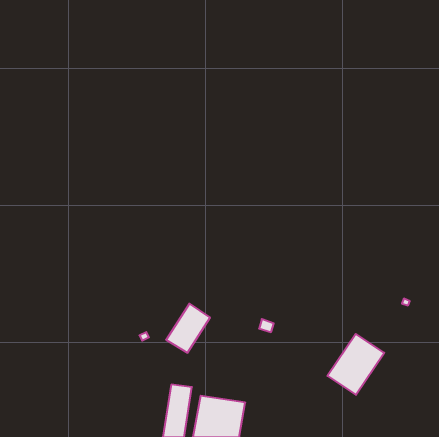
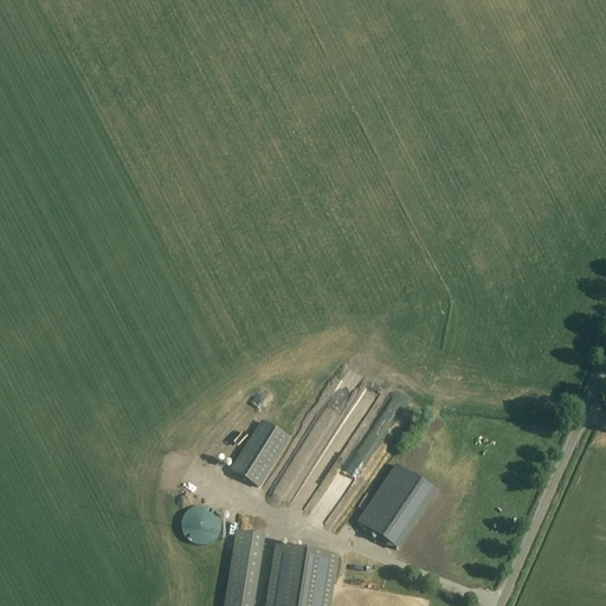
building: [327,334,384,395] -> [356,463,434,547]
building: none -> [180,507,218,544]

